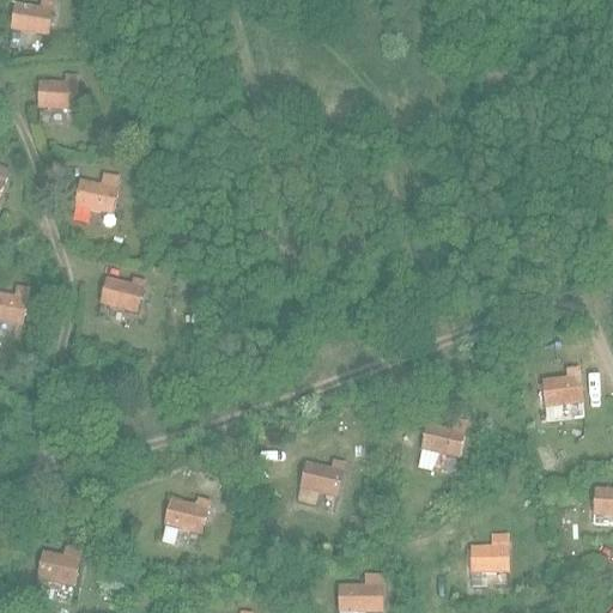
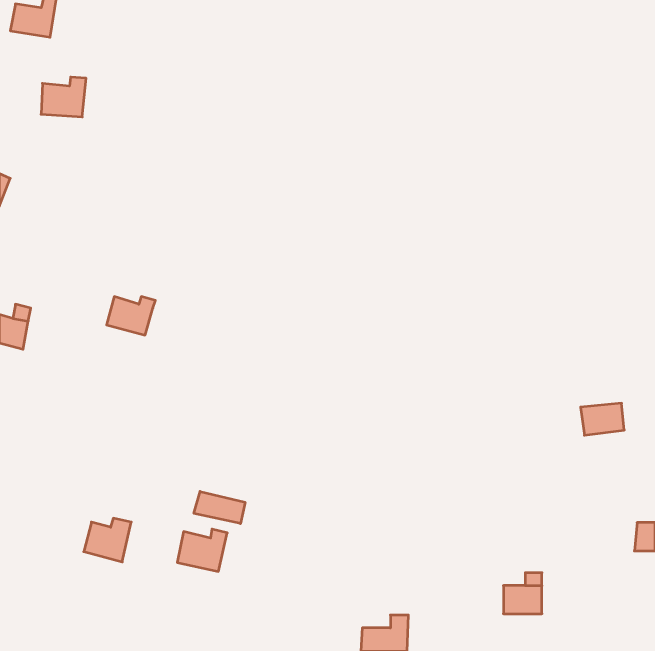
building: [74,175,120,213] -> none
building: [421,423,462,455] -> none
building: [299,456,347,496] -> none
building: none -> [194,491,245,524]
building: [37,544,81,584] -> [84,518,131,562]

